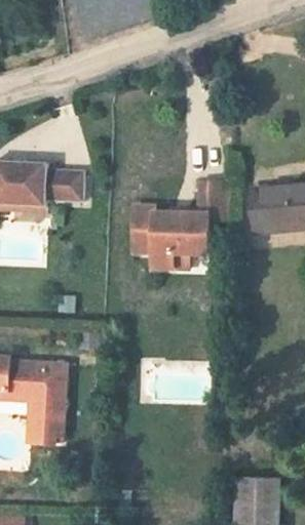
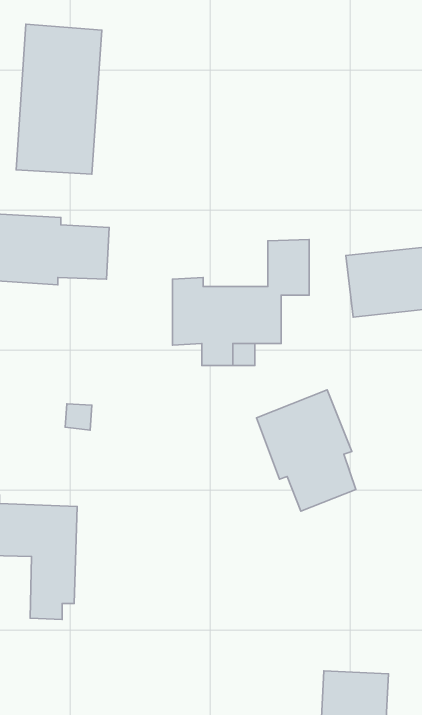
building: none -> [16,24,102,174]
building: none -> [256,390,356,511]

